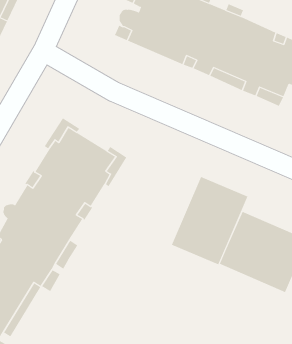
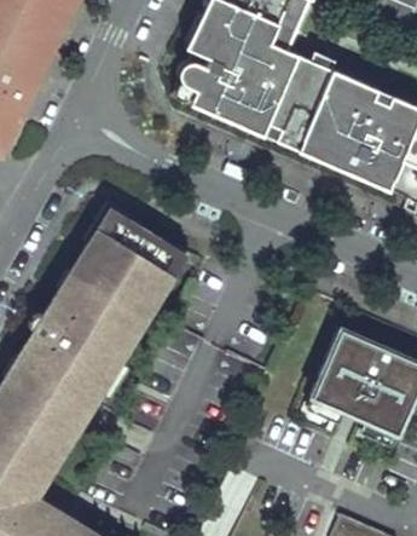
building: [171,176,248,265] -> none

